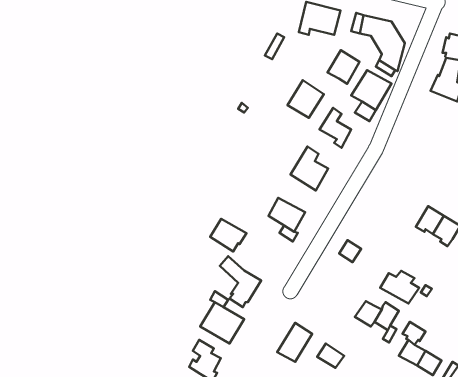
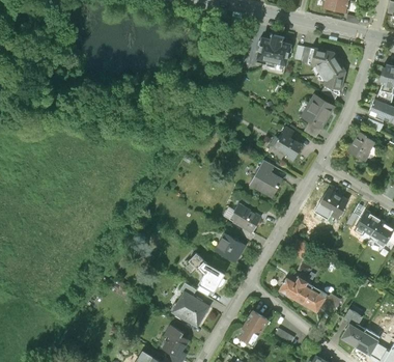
building: [328,50,359,84] -> none
building: [287,80,324,118] -> none
building: none -> [348,132,376,162]
building: none -> [319,189,348,219]
building: [210,219,247,252] -> [216,233,247,261]
building: [380,271,419,304] -> [280,277,313,305]

